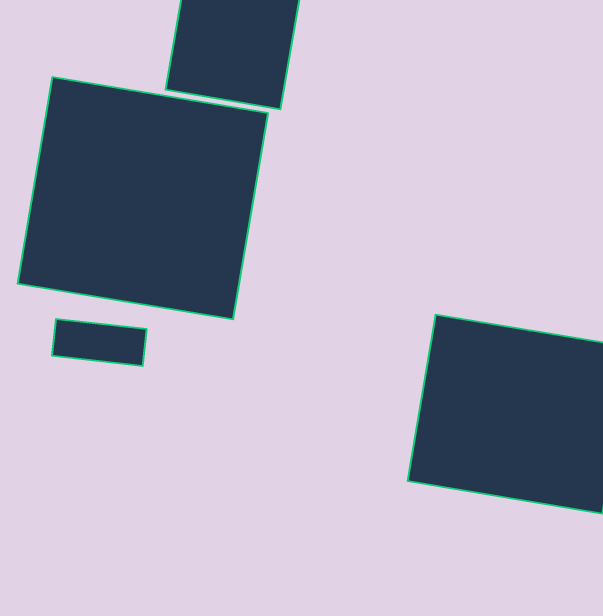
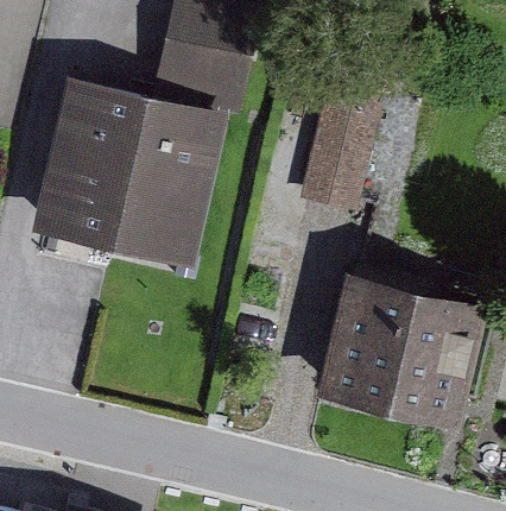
building: none -> [299,96,381,219]

